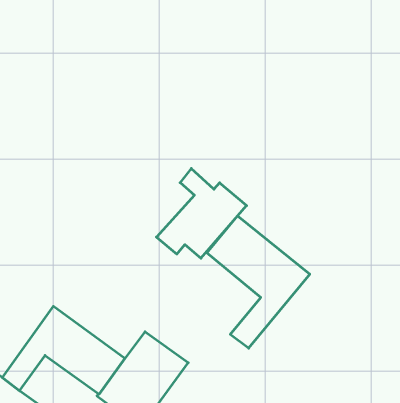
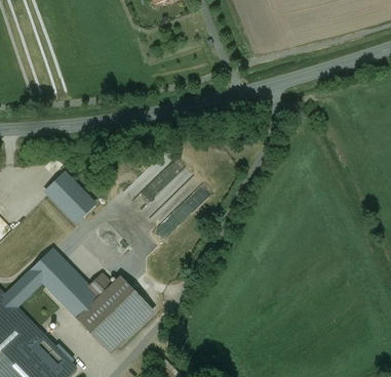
building: none -> [46,173,95,222]
building: [207,216,310,348] -> none

